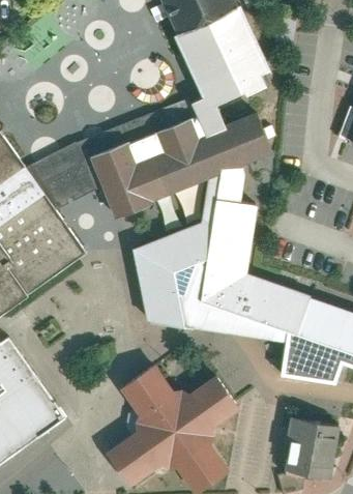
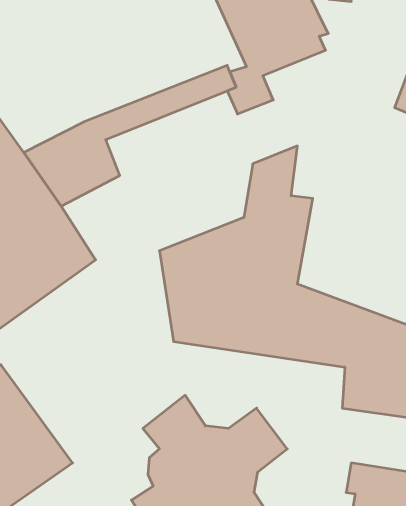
building: [92,115,271,216] -> none

